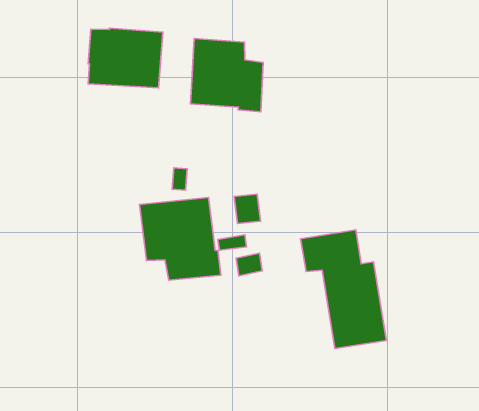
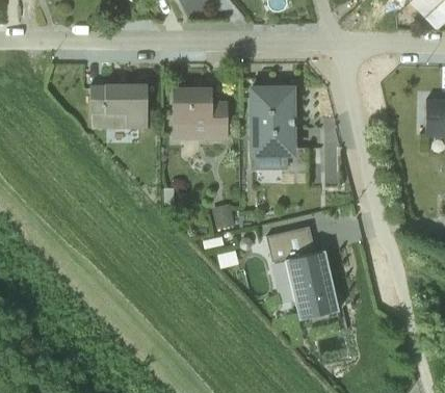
building: none -> [252,87,293,169]
building: [140,198,221,280] -> none

